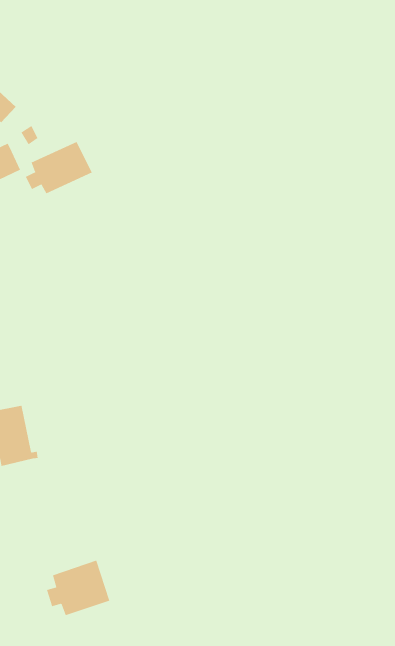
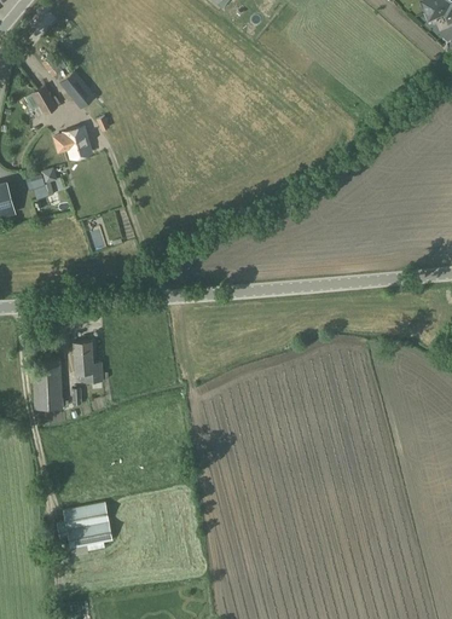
building: [25,141,92,194] -> none
building: none -> [74,341,102,381]

